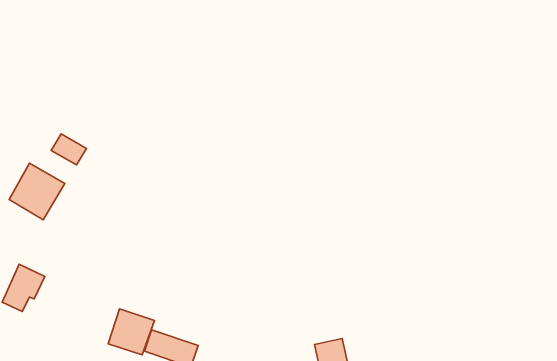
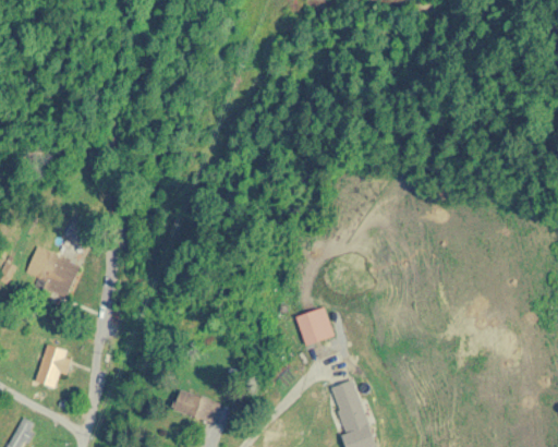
building: none -> [295,307,335,347]
building: [108,309,154,355] -> none

